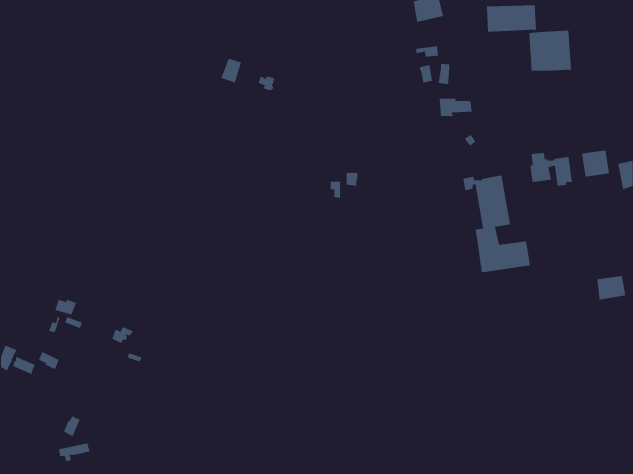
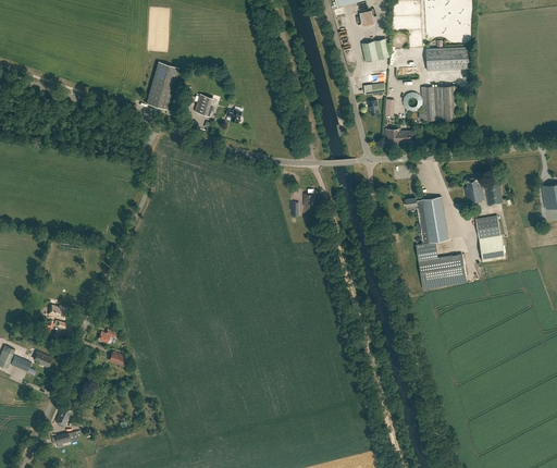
building: none -> [146,62,178,110]
building: [528,30,572,71] -> [421,86,459,122]
building: [581,150,610,177] -> [475,215,500,239]
building: [596,276,626,300] -> [480,241,506,262]

